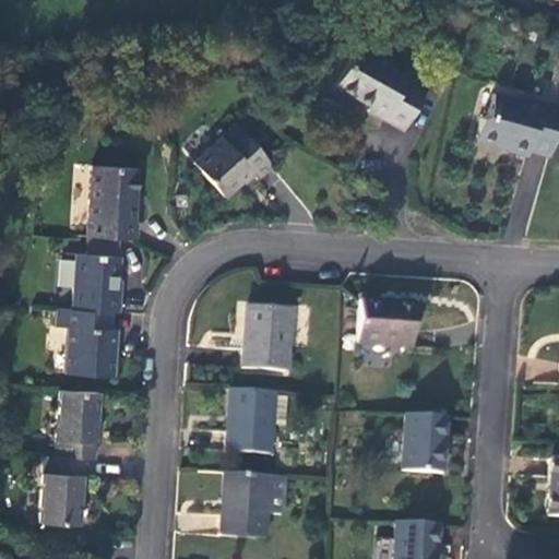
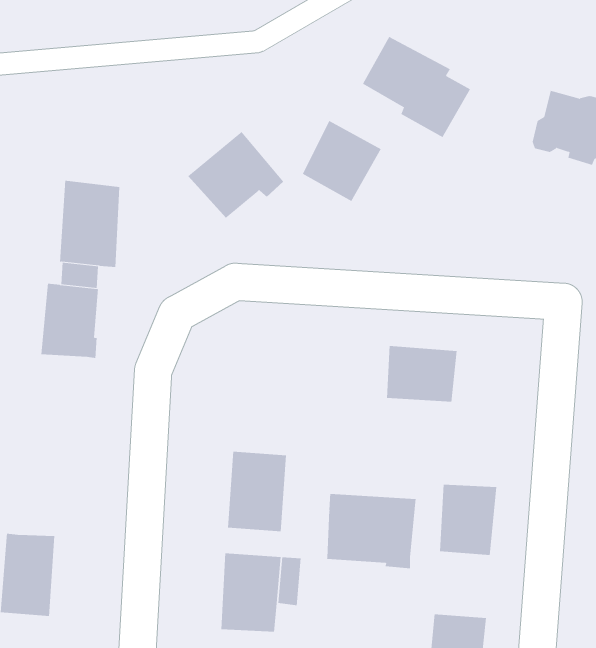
building: none -> [302,120,381,202]
building: [243,307,293,371] -> none
building: [59,308,116,377] -> none
building: [55,389,102,460] -> none
building: none -> [327,493,416,569]

